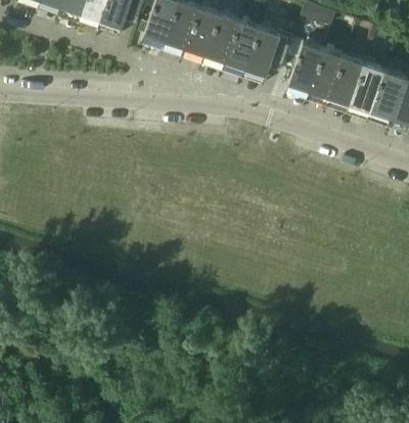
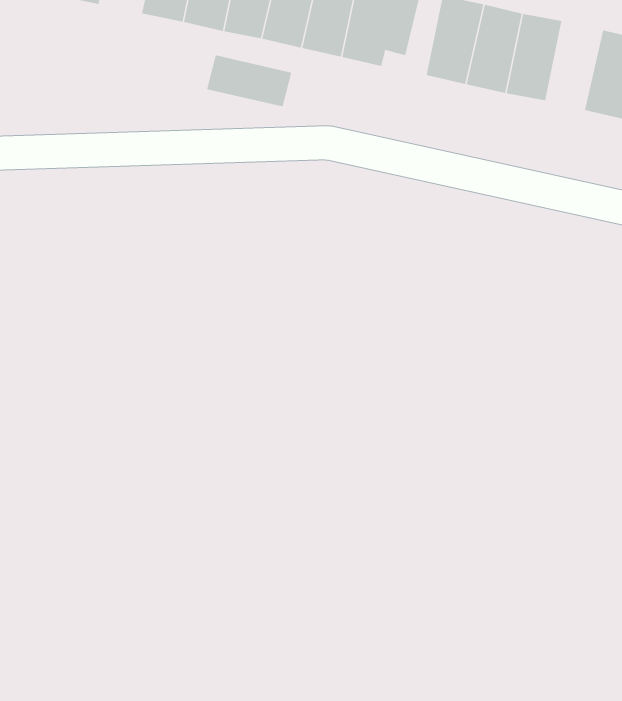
building: none -> [207,55,292,107]
building: [351,62,384,110] -> none

